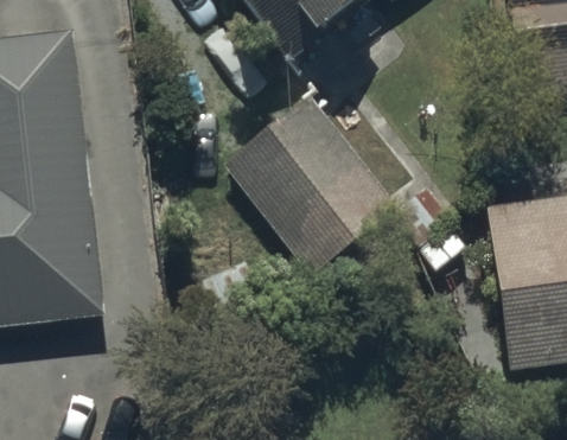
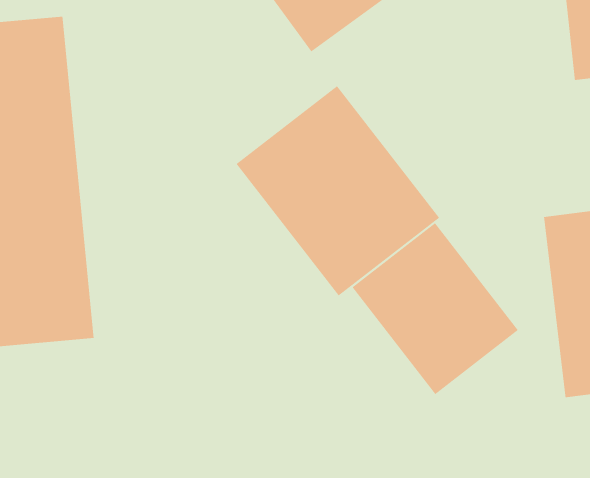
building: none -> [352,222,519,395]

